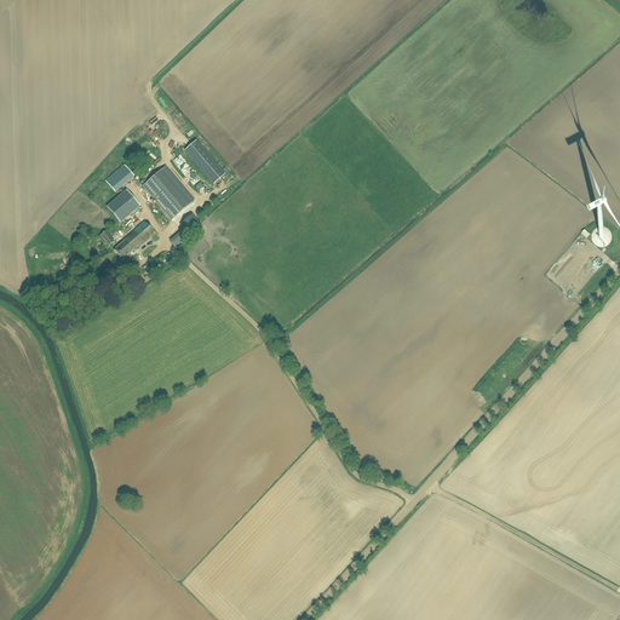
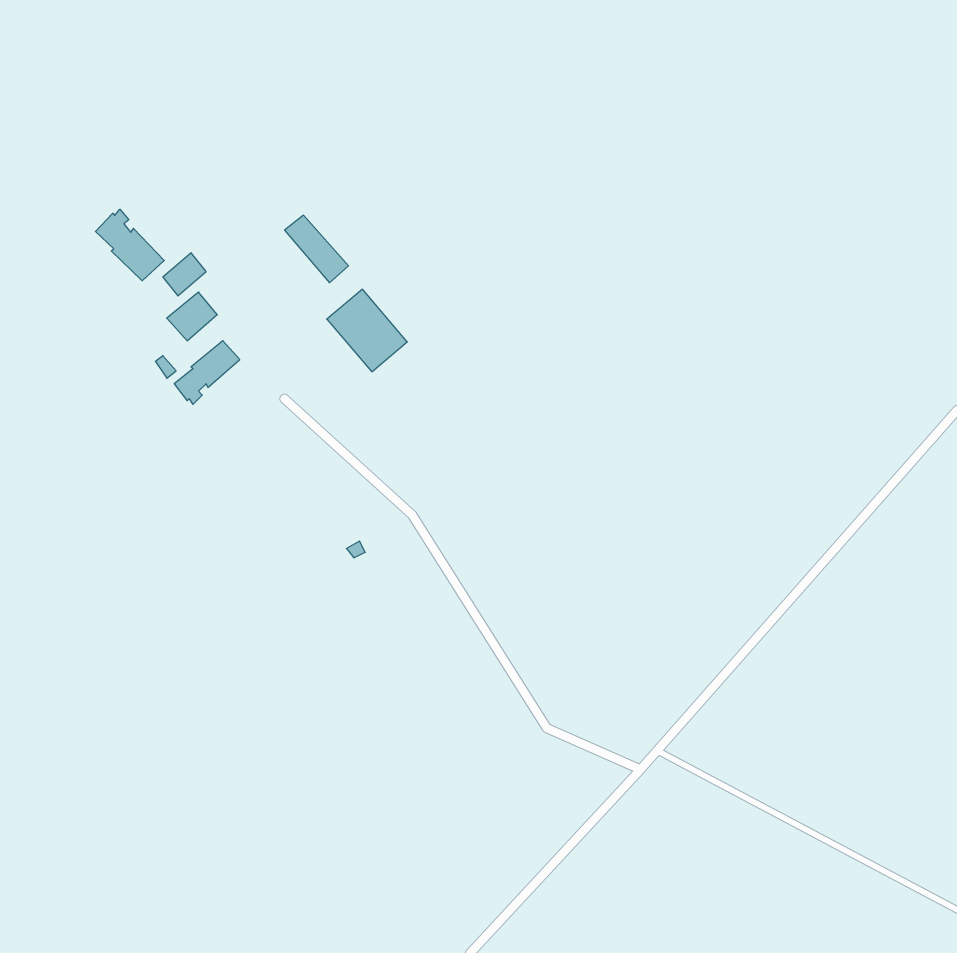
building: none -> [95,209,164,281]
building: [142,166,194,219] -> [327,289,407,372]

